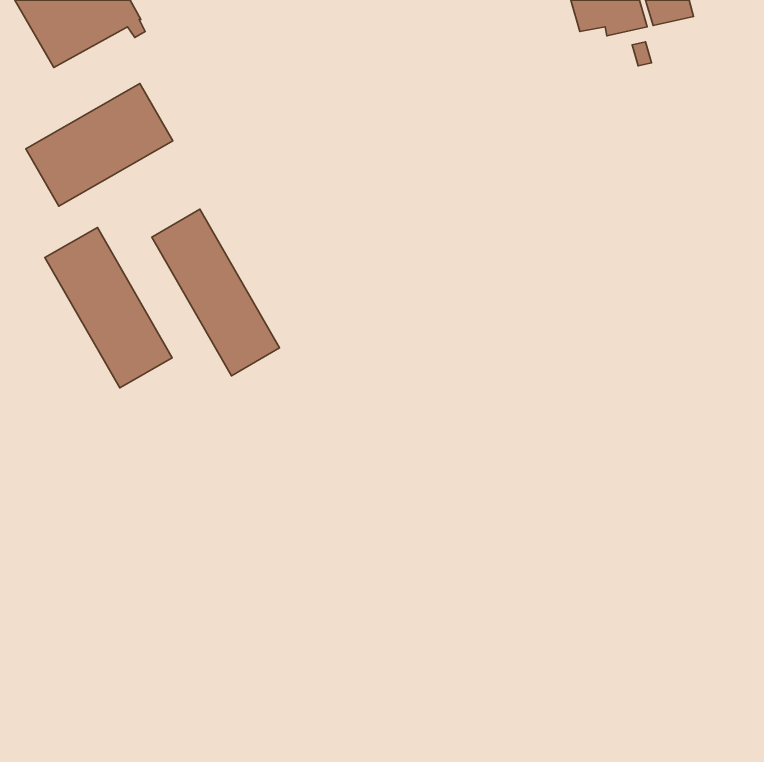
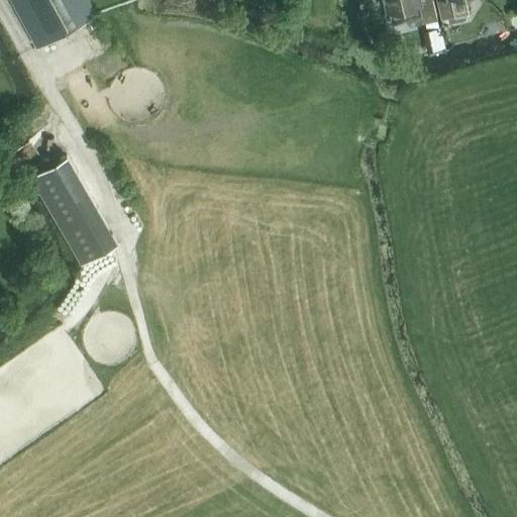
building: [26,84,173,206] -> none
building: [152,209,280,376] -> none

